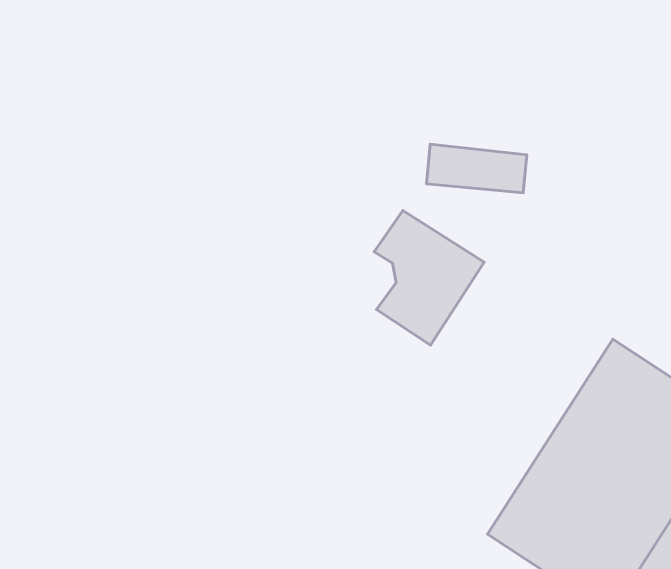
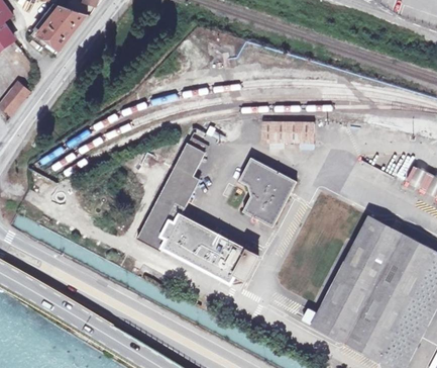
building: none -> [138,136,257,283]

